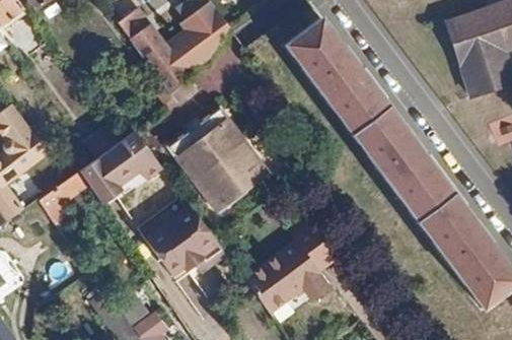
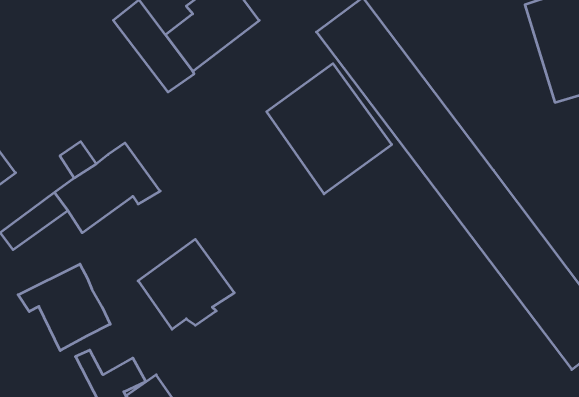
building: [171,109,269,210] -> [267,64,392,194]
building: [245,216,335,311] -> none
building: none -> [18,264,110,351]

